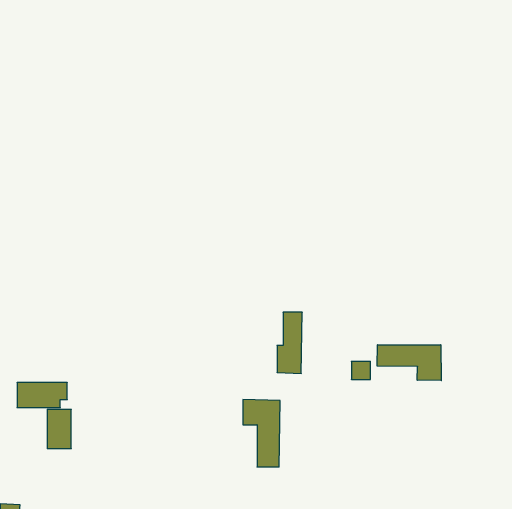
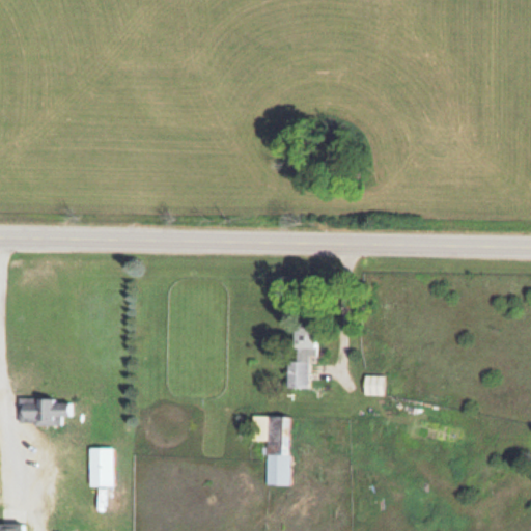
building: [377,345,441,381] -> none
building: [47,409,71,449] -> [90,448,115,488]

